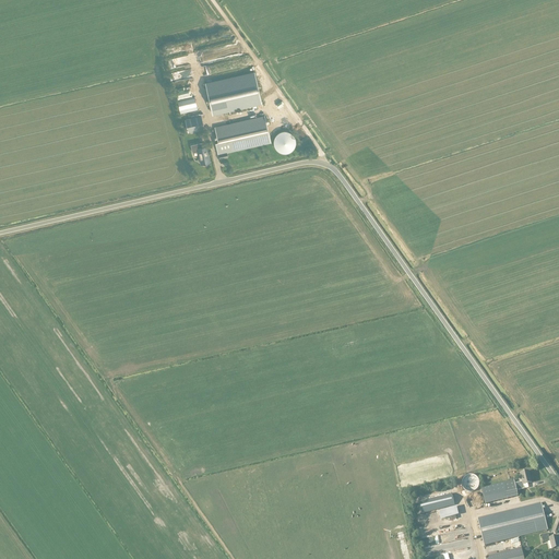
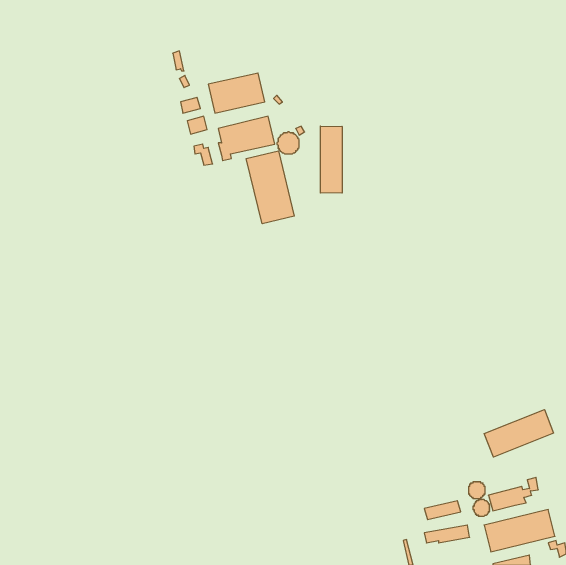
building: none -> [320,126,342,193]
building: none -> [246,151,294,224]
building: none -> [484,410,553,457]

